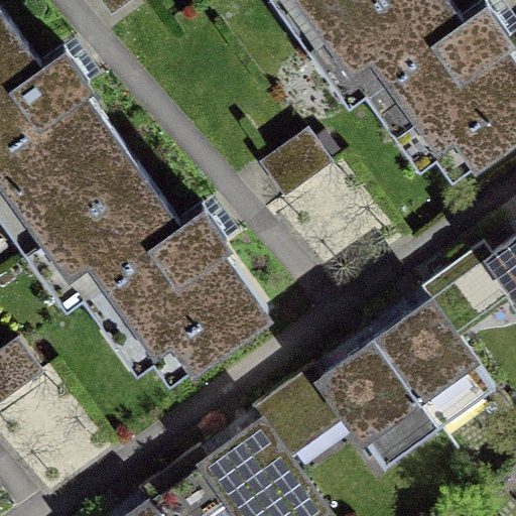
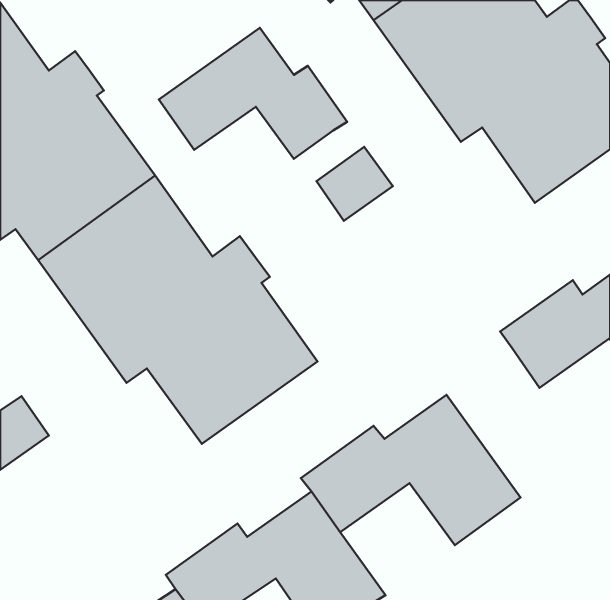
building: none -> [159,28,347,159]
building: [377,302,495,428] -> none

